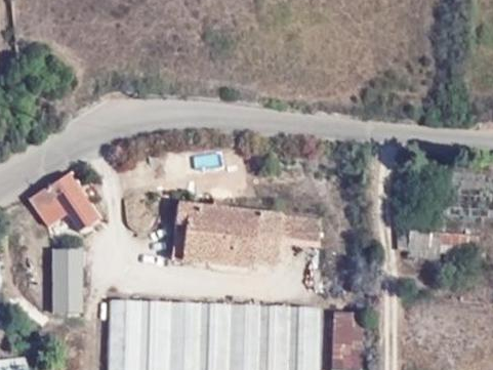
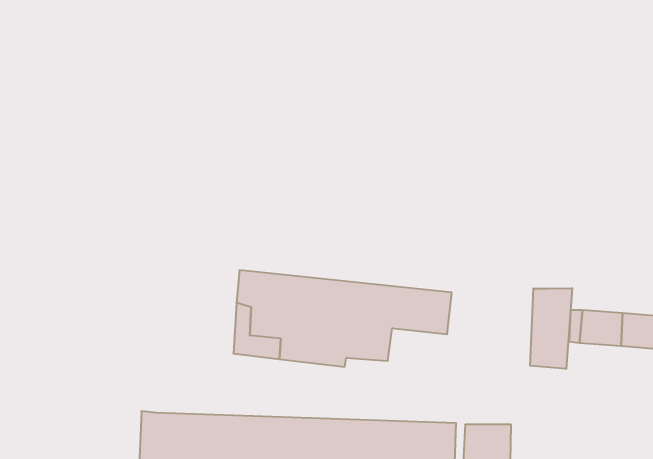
building: [31,177,95,231] -> none
building: none -> [530,288,572,369]
building: [51,251,81,316] -> none

